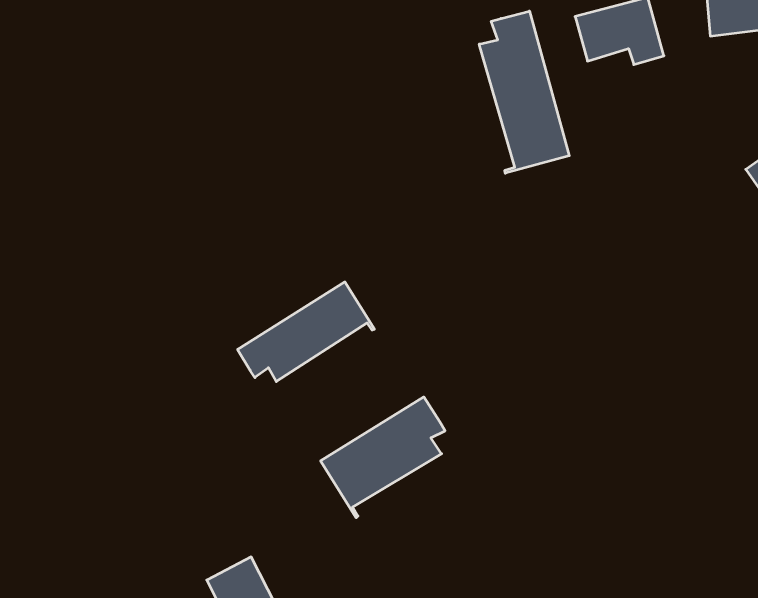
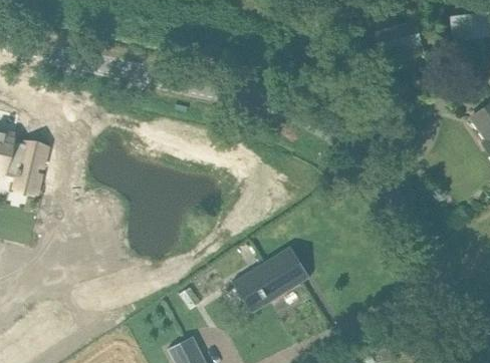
building: [479,11,569,173] -> none
building: [238,282,374,382] -> none

